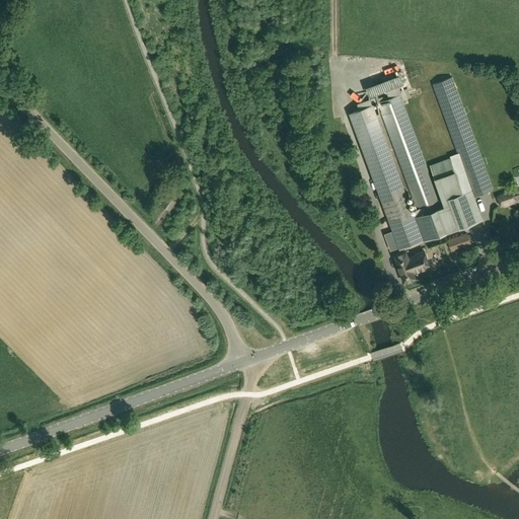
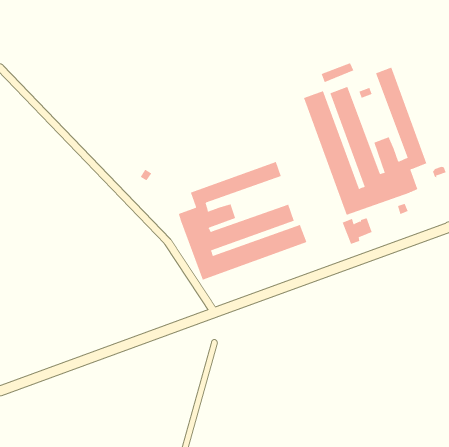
building: none -> [178,161,307,281]

